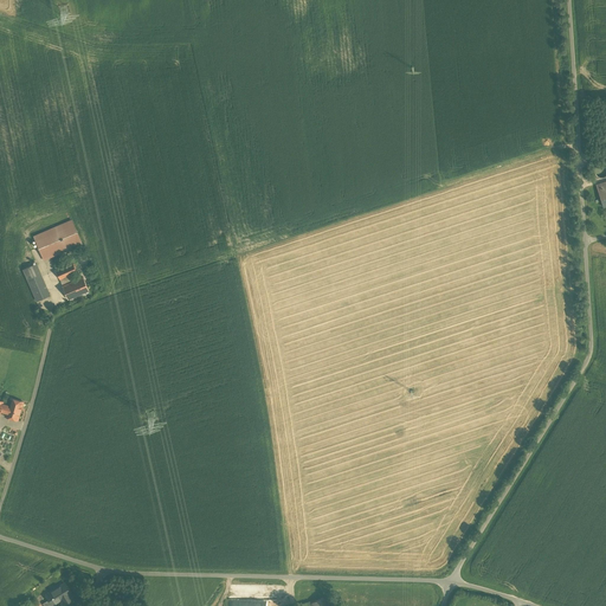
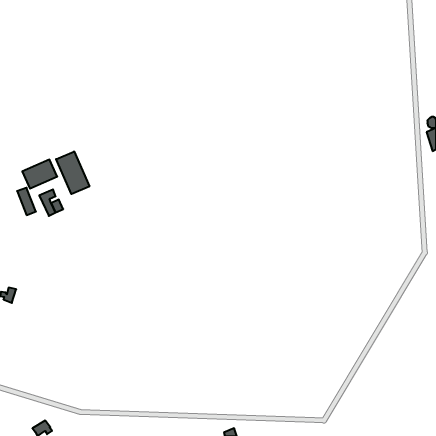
building: none -> [56,151,89,194]

